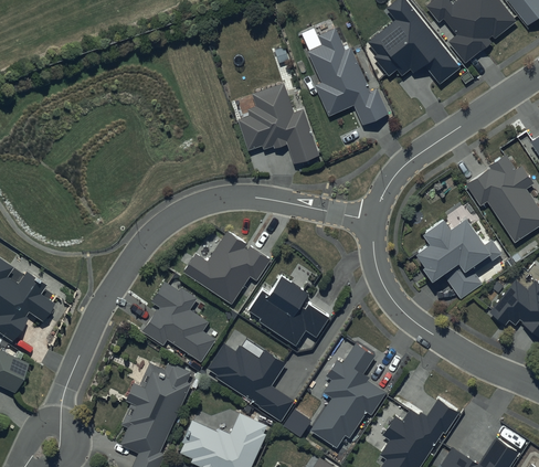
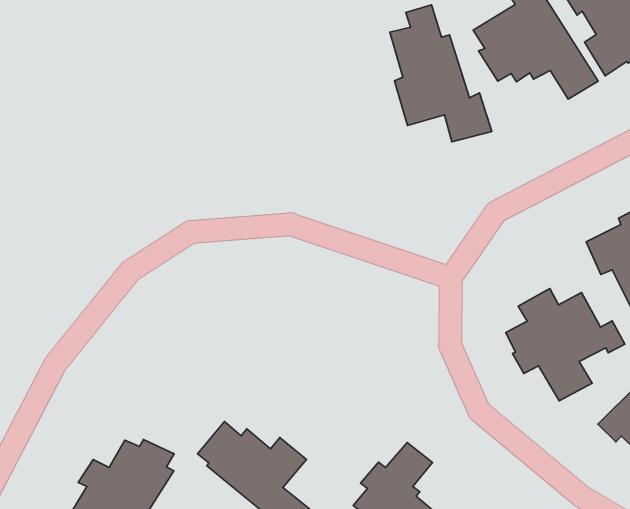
building: [237,84,320,162] -> none
building: [184,232,271,304] -> none
building: [249,275,328,346] -> none
building: [142,282,216,362] -> none

